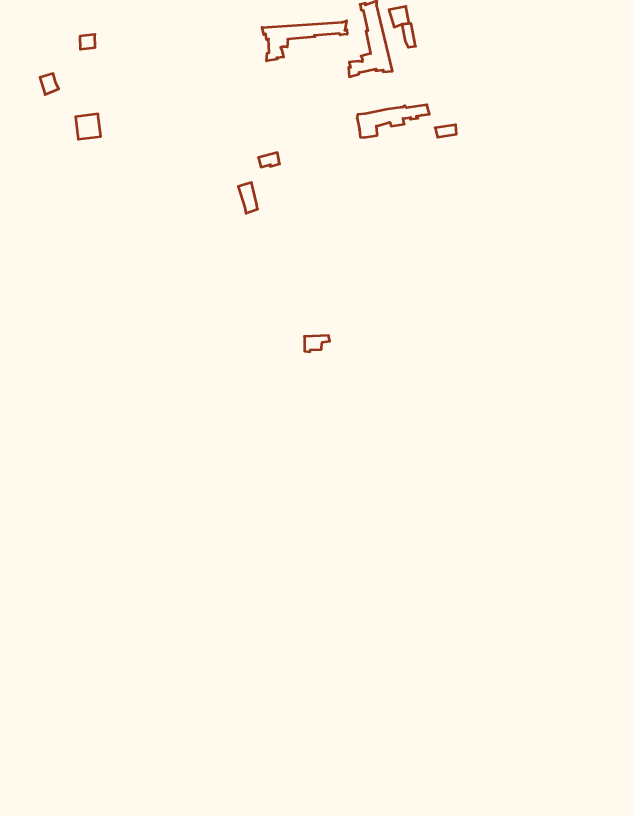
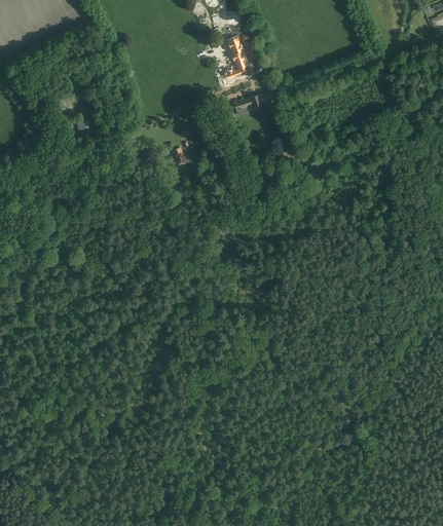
building: [262,21,347,61] -> none

